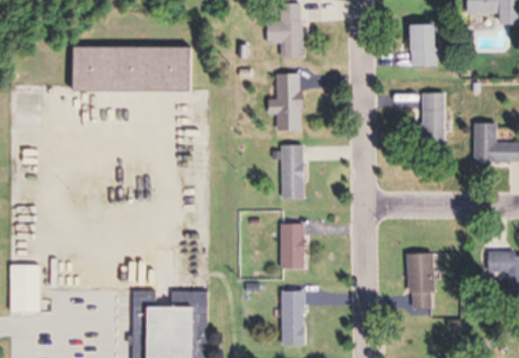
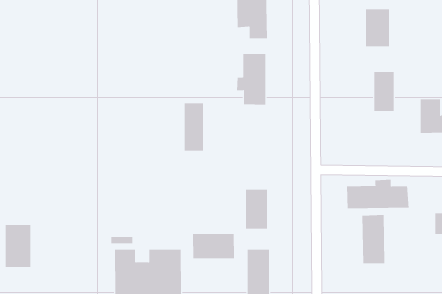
building: [68,46,193,91] -> none
building: [282,145,304,199] -> [184,103,204,151]
building: none -> [347,179,409,209]
building: none -> [193,233,235,259]

